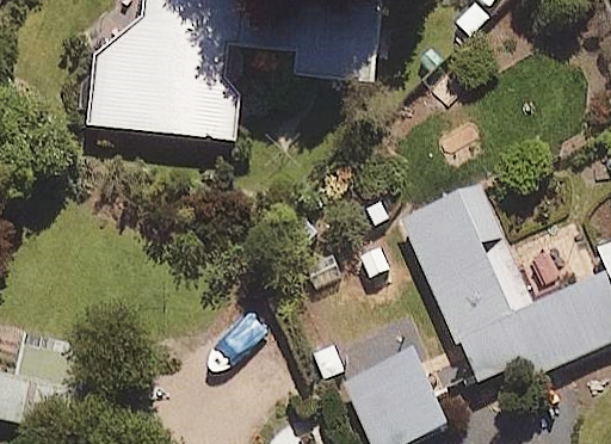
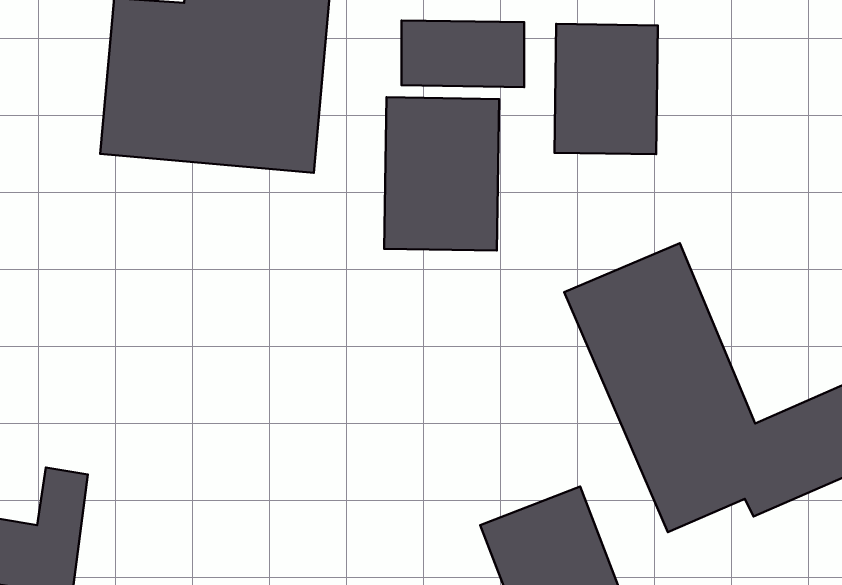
building: none -> [554,24,658,154]
building: none -> [384,97,499,251]

